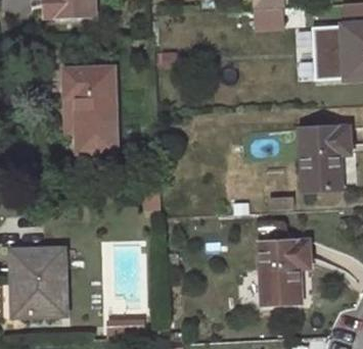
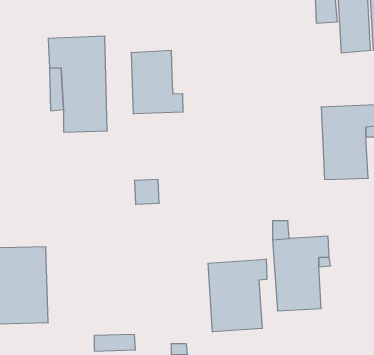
building: none -> [131,50,183,114]
building: none -> [208,259,267,332]

